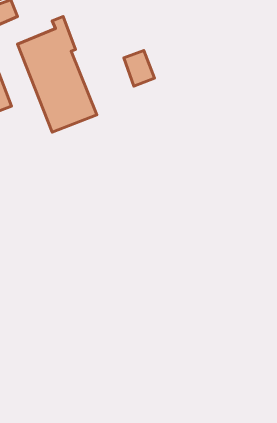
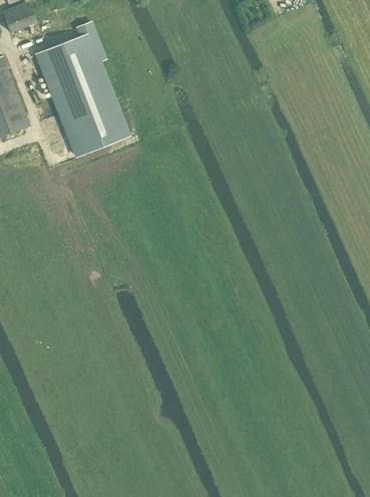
building: [124,50,154,86] -> none

